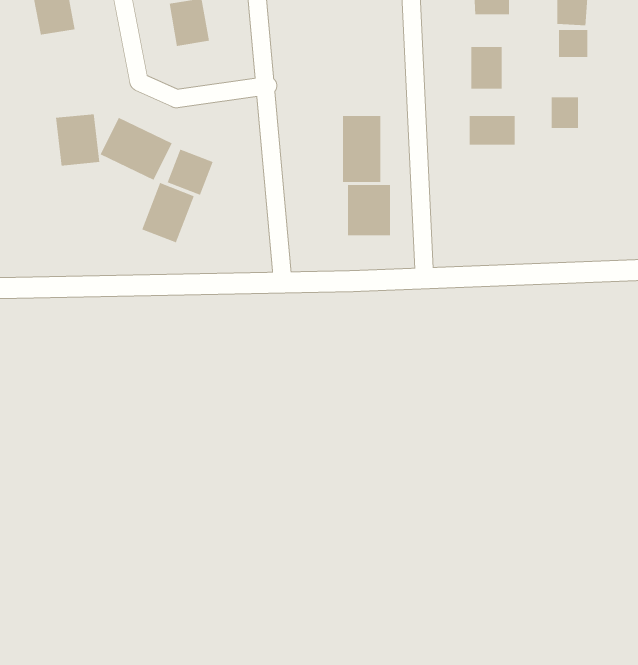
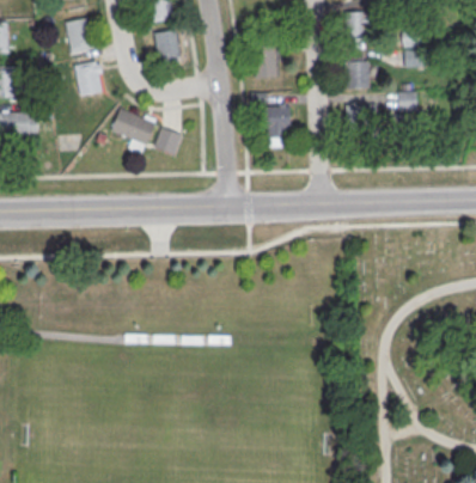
building: none -> [256,45,279,77]
building: [55,114,100,166] -> [75,61,104,94]
building: [141,182,194,243] -> none
building: [347,184,390,236] -> none

